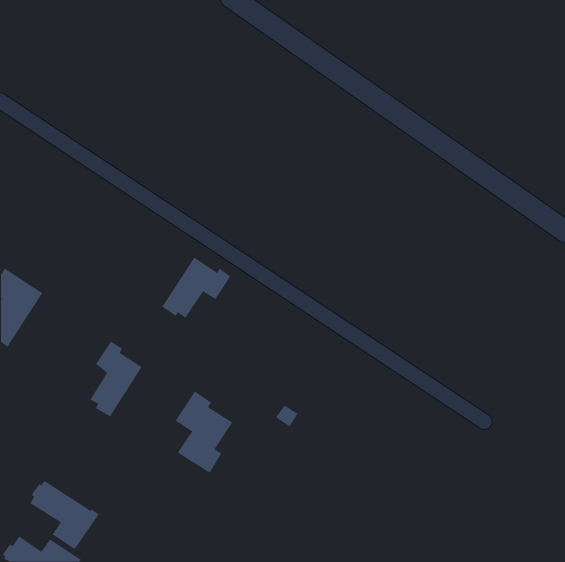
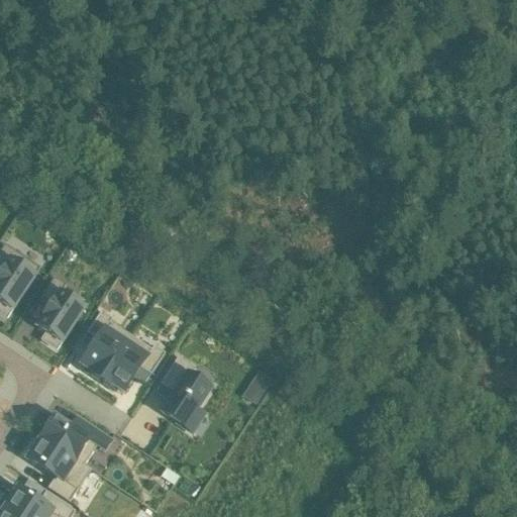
building: [162,257,231,319] -> [101,335,165,392]
building: none -> [36,277,83,349]
building: none -> [40,417,111,466]

